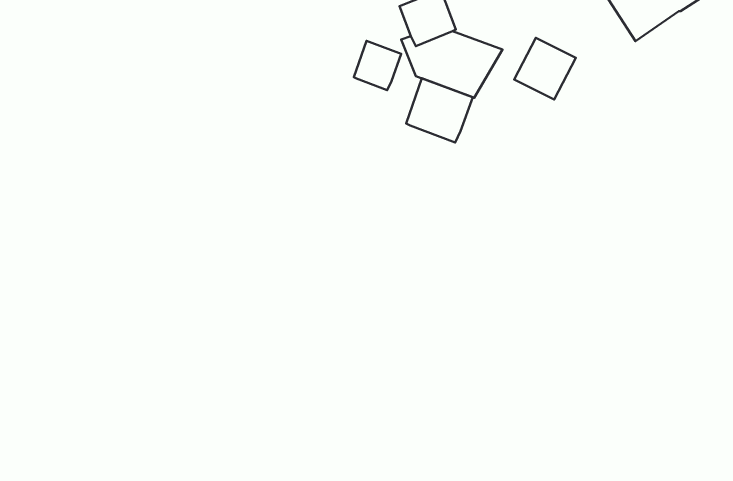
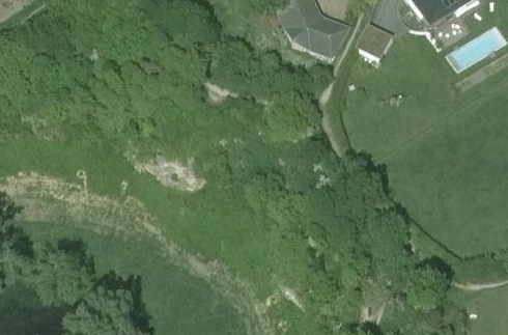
building: [354,41,401,90] -> none
building: [406,78,473,143] -> none

